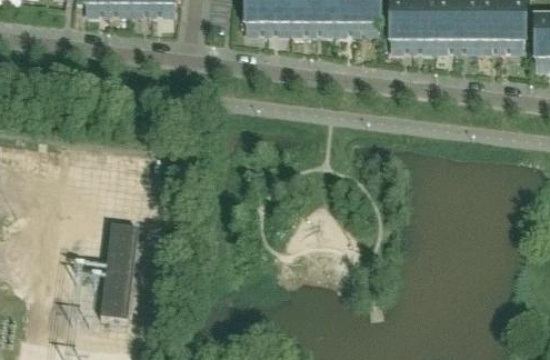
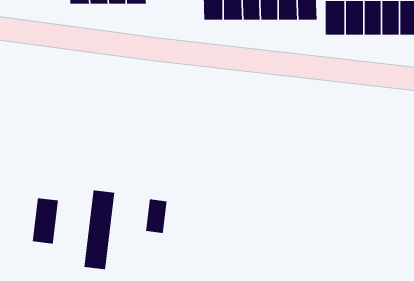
building: none -> [32,197,59,244]
building: none -> [146,199,167,234]

